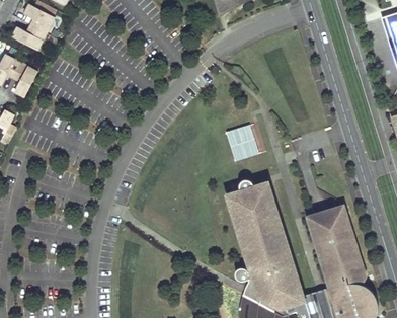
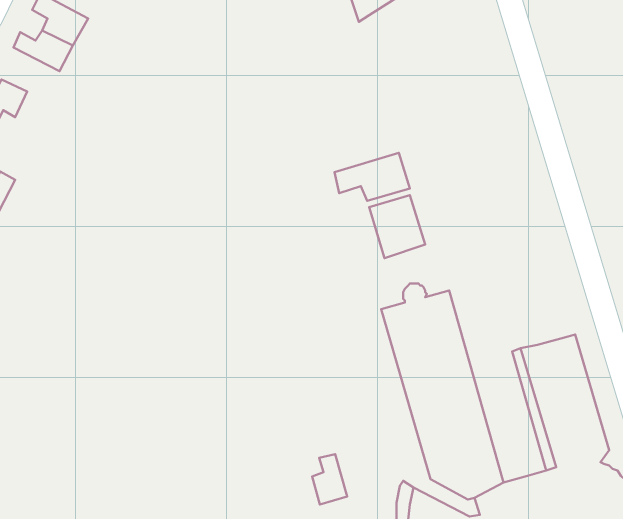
building: [14,62,37,95] -> none
building: none -> [334,153,410,201]
building: none -> [312,454,347,505]

